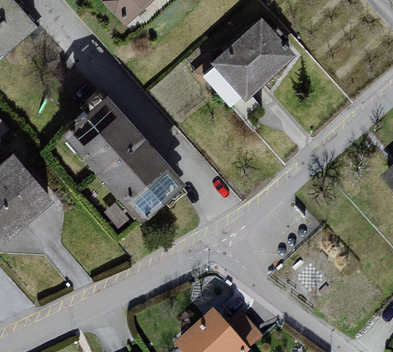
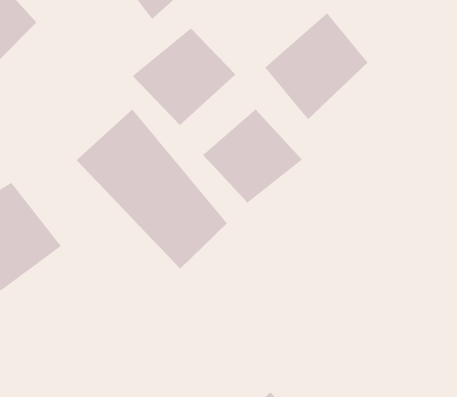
building: none -> [132,27,236,126]
building: none -> [202,108,303,203]

